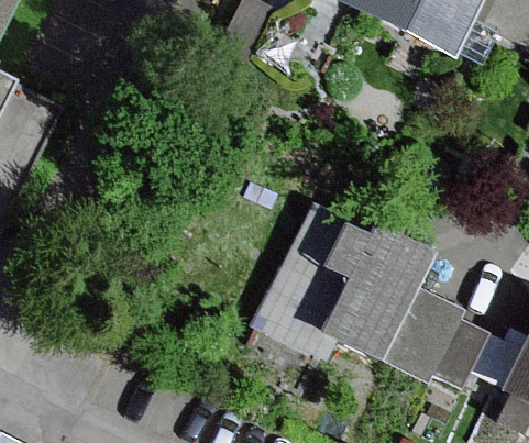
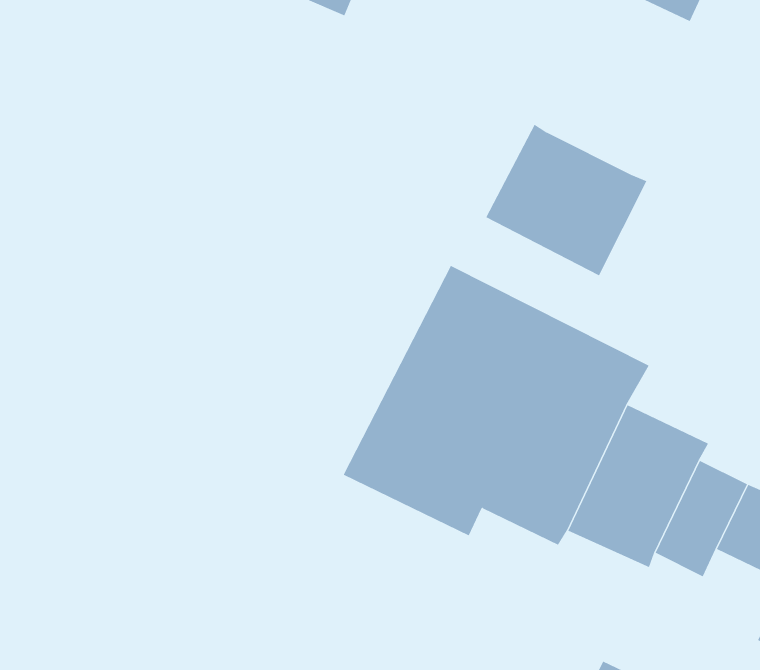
building: none -> [485,124,647,276]

